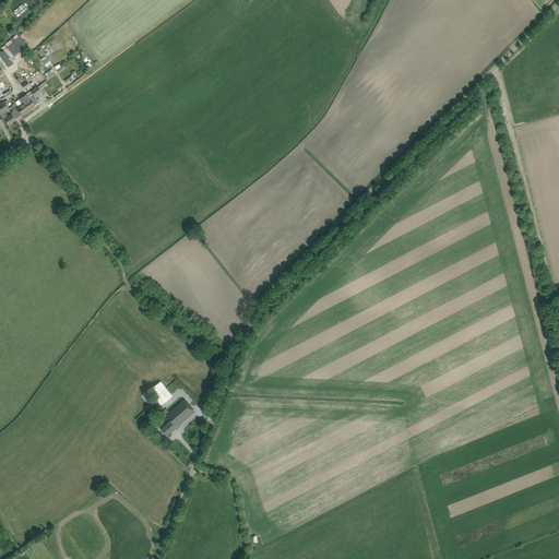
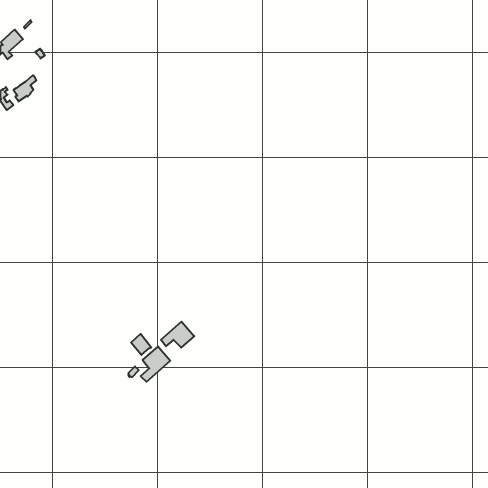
building: none -> [161,322,194,348]

